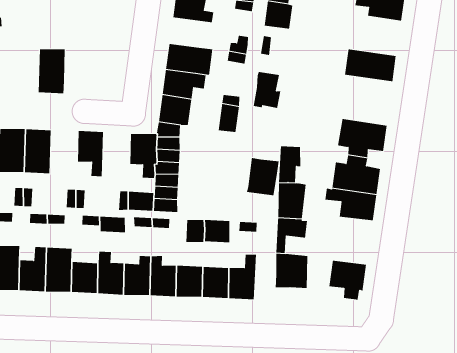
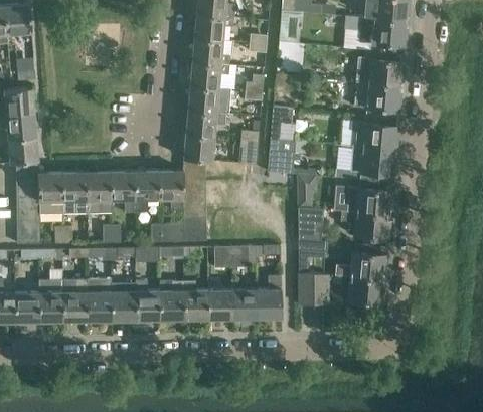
building: none -> [354,50,403,86]
building: none -> [189,62,228,88]
building: [38,49,65,94] -> [86,171,111,212]
building: none -> [350,123,396,151]
building: none -> [134,171,159,212]
building: [246,157,279,196] -> [267,140,296,174]
building: none -> [334,252,385,279]

